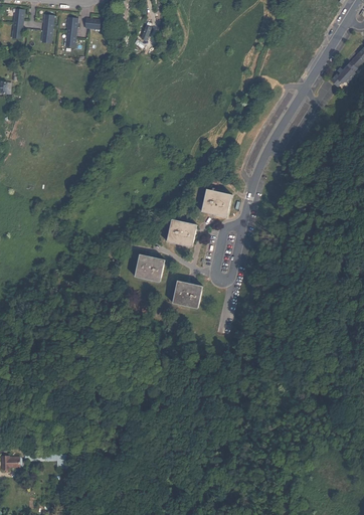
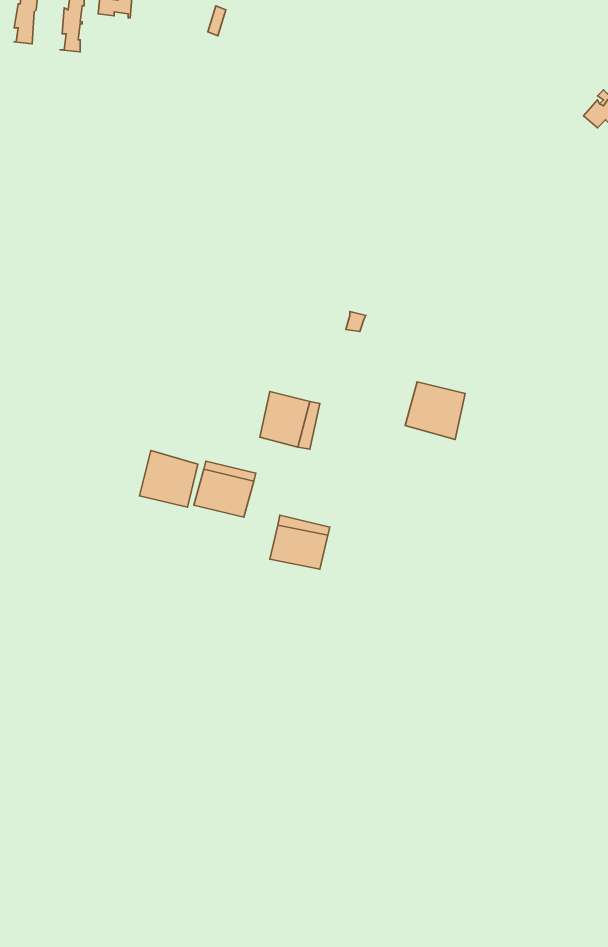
building: [201,189,231,218] -> [405,382,465,440]
building: none -> [139,451,198,507]

